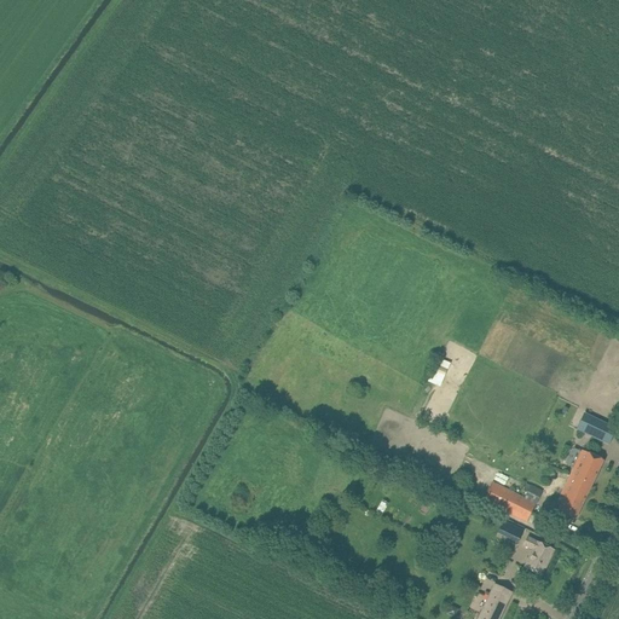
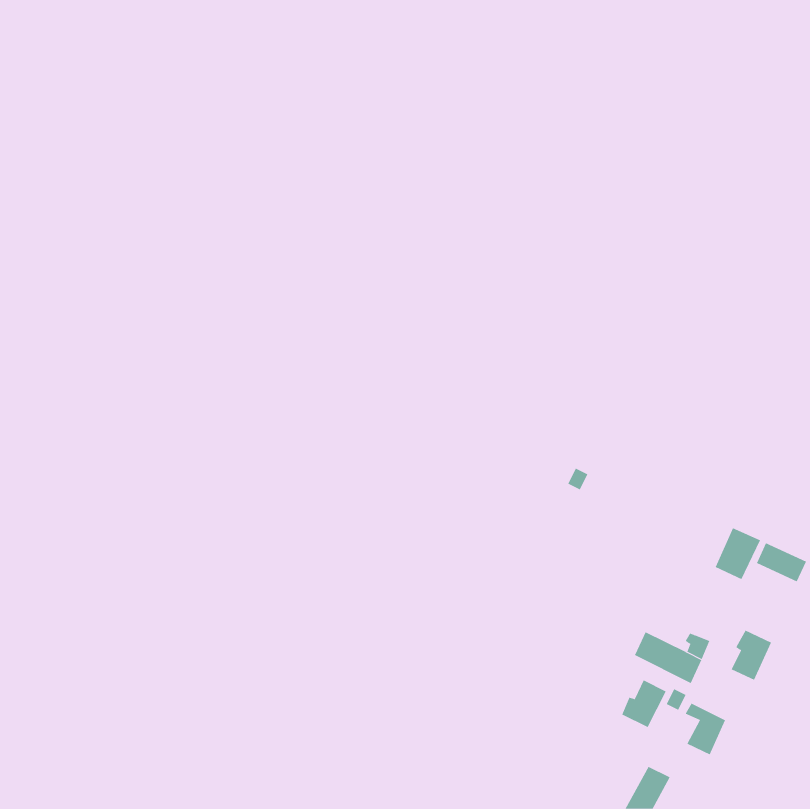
building: [568,450,603,490] -> [715,528,761,580]
building: none -> [621,679,667,728]

